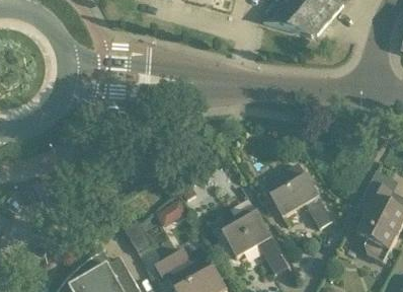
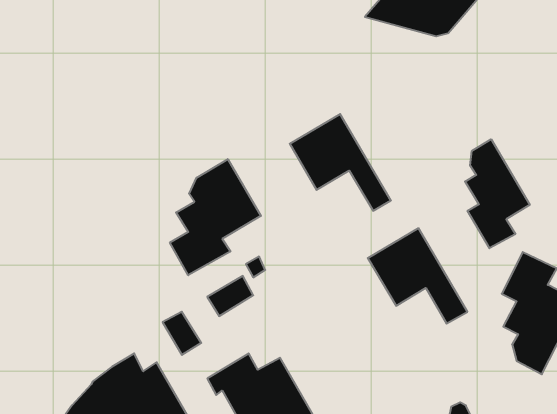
building: none -> [465,139,530,248]
building: none -> [170,159,261,275]
building: [218,207,287,273] -> [290,114,391,211]

